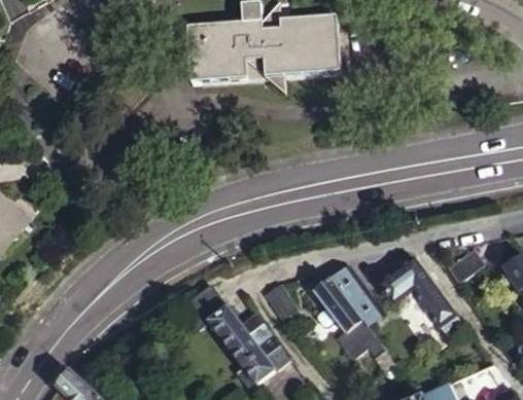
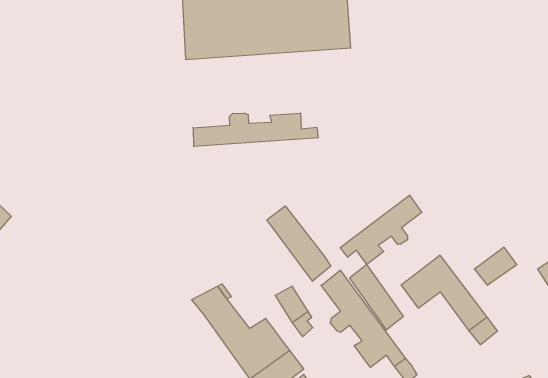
building: none -> [193,113,318,147]
building: none -> [340,195,422,264]
building: none -> [267,206,331,281]

